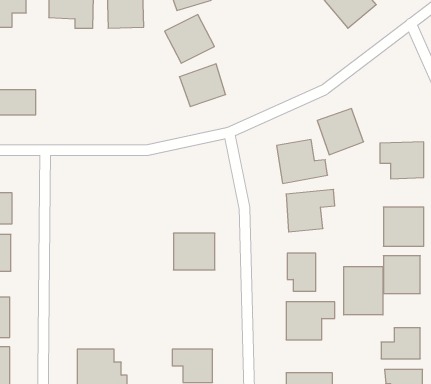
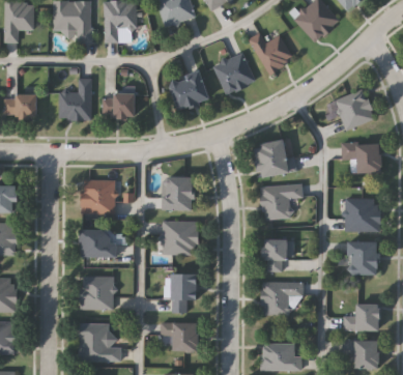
building: [165,15,214,63] -> [212,53,256,95]
building: none -> [250,33,293,74]
building: none -> [59,79,92,120]
building: none -> [104,94,134,119]
building: [317,109,364,155] -> [334,90,374,131]
building: none -> [161,176,192,211]
building: none -> [81,181,115,215]
building: none -> [79,230,115,258]
building: [344,267,383,315] -> none
building: none -> [169,275,195,313]
building: none -> [80,277,114,311]

